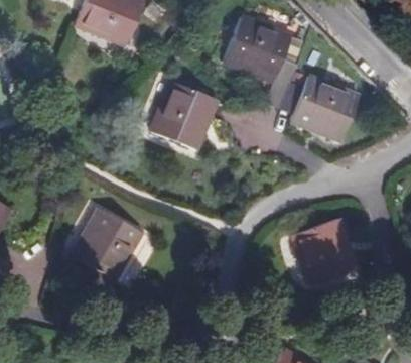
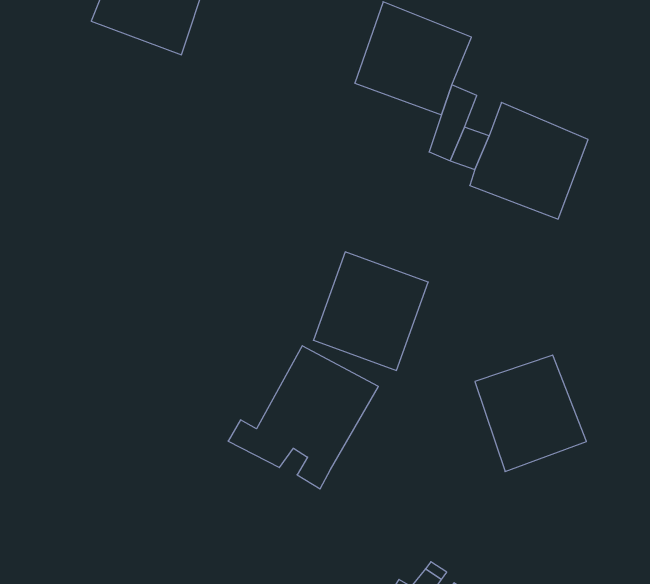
building: [150,82,216,149] -> [313,252,428,370]
building: [56,208,142,289] -> [228,346,378,489]

